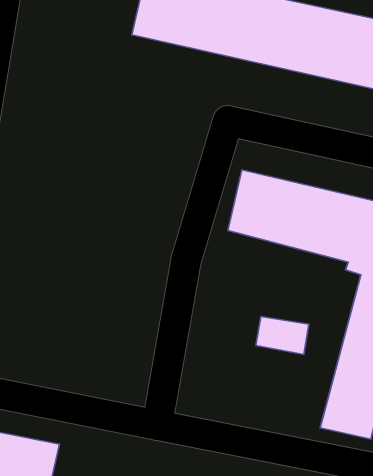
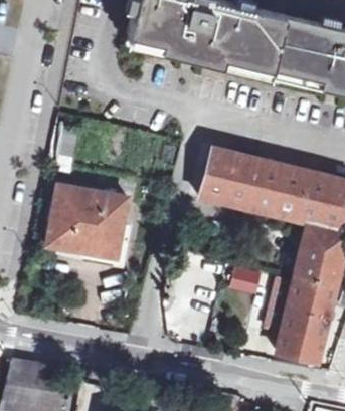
building: none -> [47,188,126,261]

